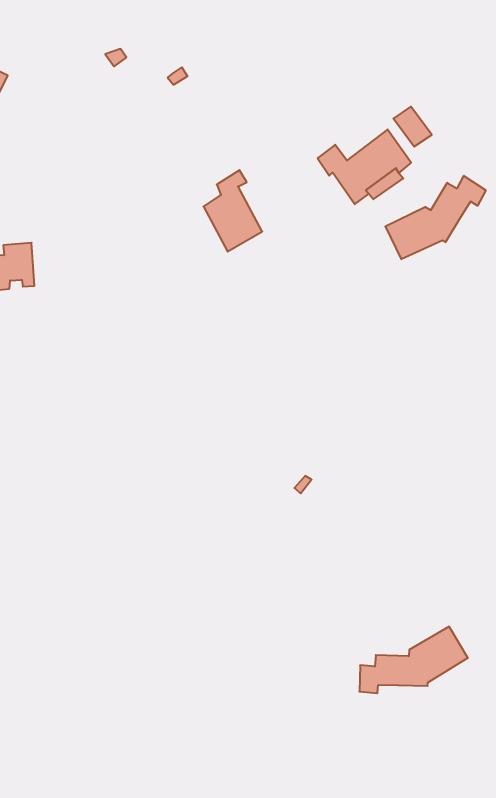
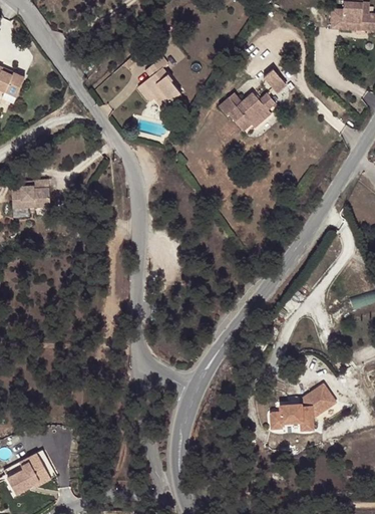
building: [203,170,262,252] -> [143,55,180,105]
building: [385,176,486,259] -> none

